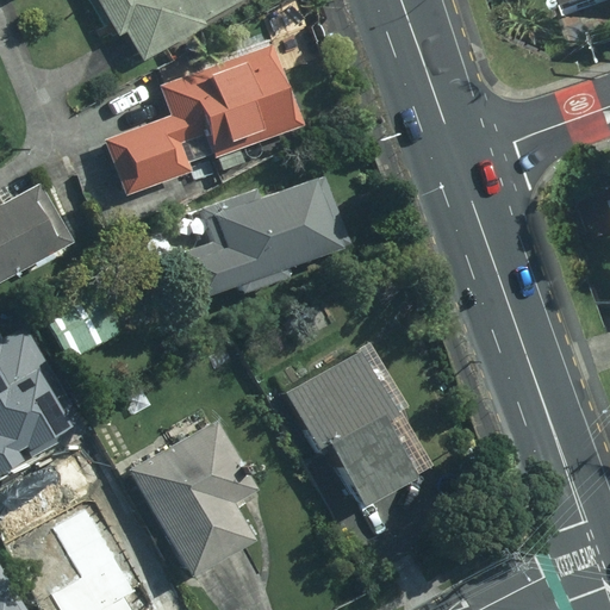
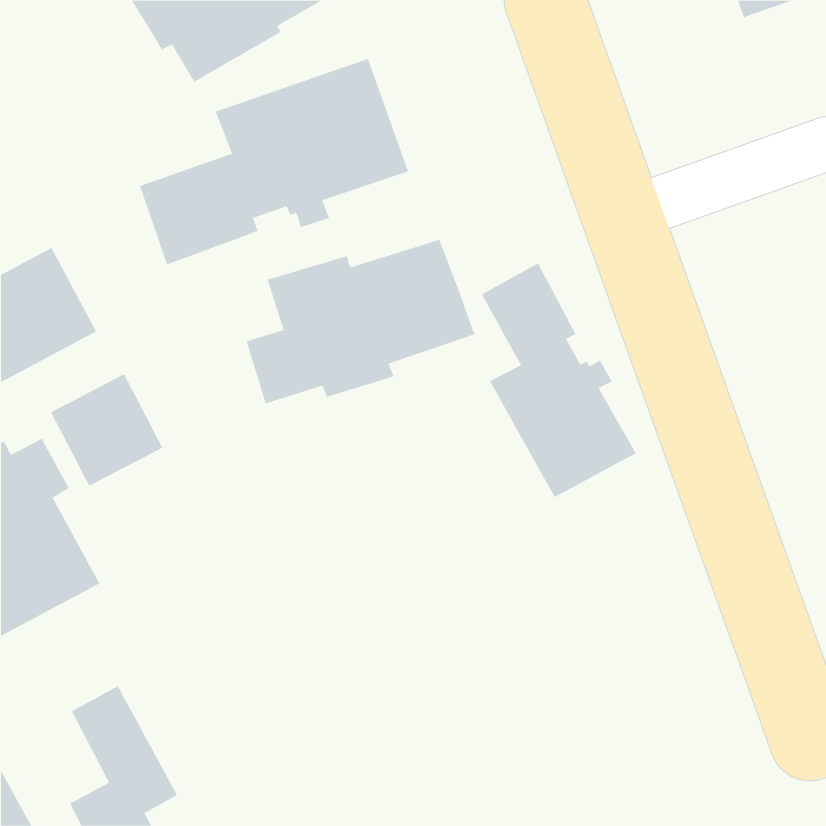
building: none -> [481,263,636,498]
building: [282,349,424,508] -> none
building: [126,419,257,577] -> none

